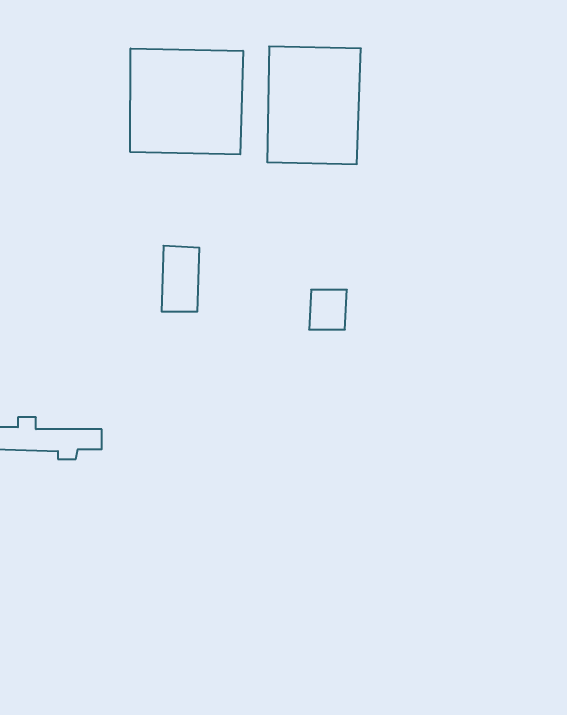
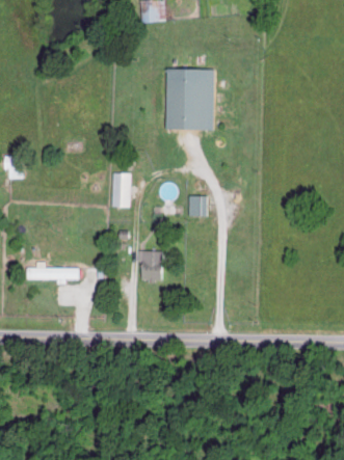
building: [130,48,243,154] -> none
building: none -> [136,250,162,280]

